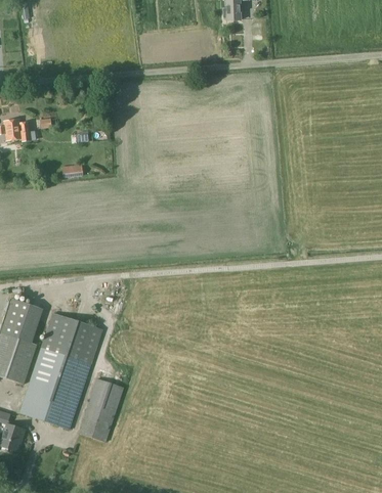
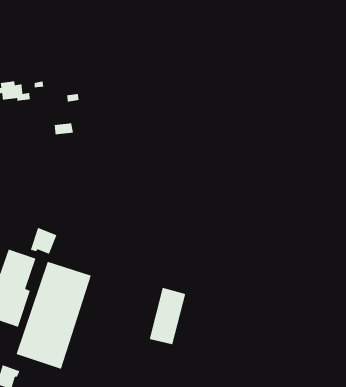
building: none -> [30,227,57,255]
building: [78,377,118,440] -> [149,287,186,345]

